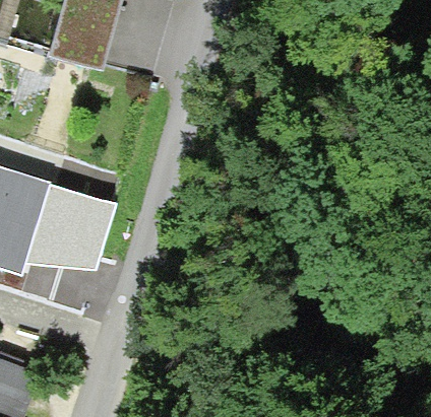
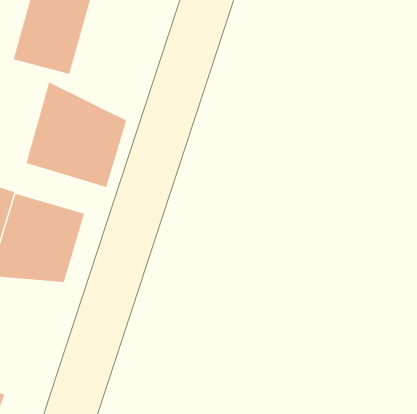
building: none -> [26,81,127,188]

